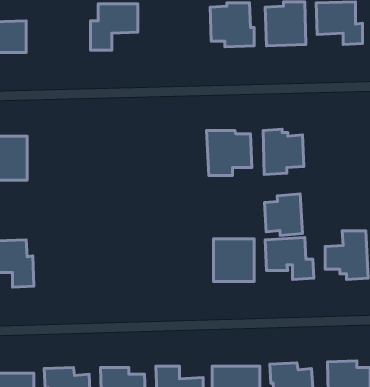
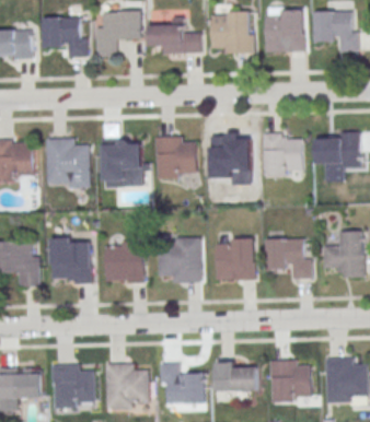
building: none -> [43,16,86,48]
building: none -> [149,16,201,54]
building: none -> [317,132,361,167]
building: none -> [101,137,142,187]
building: none -> [155,137,198,180]
building: none -> [46,139,90,189]
building: [265,194,303,236] -> none
building: none -> [53,237,92,284]
building: none -> [157,238,201,283]
building: none -> [104,242,143,283]

